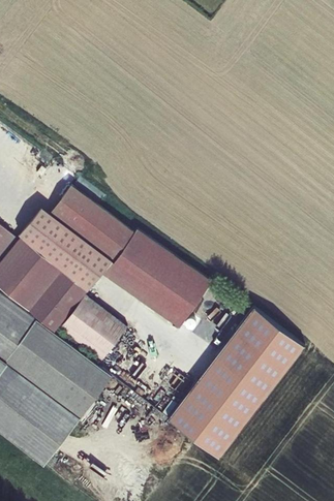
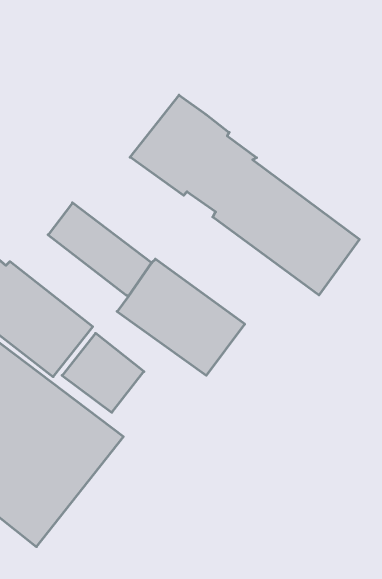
building: none -> [130,95,359,295]
building: [19,206,113,287] -> none
building: [168,311,302,463] -> none

